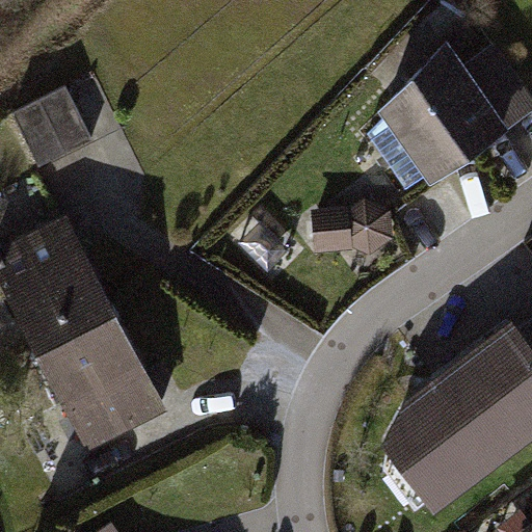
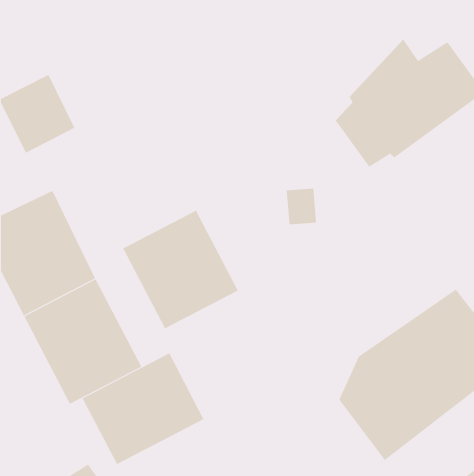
building: none -> [123,210,238,329]
building: none -> [82,353,204,465]

